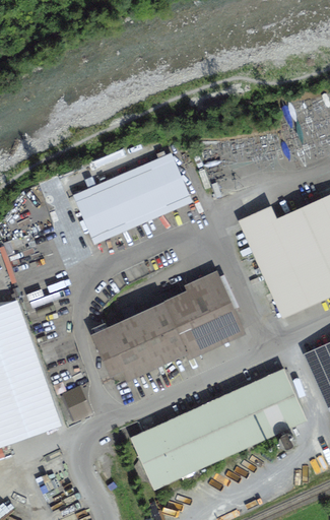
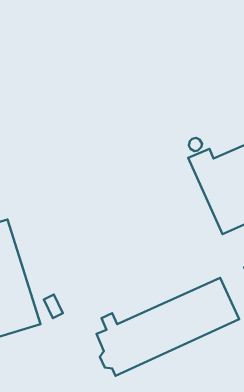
building: [75,155,189,242] -> none
building: [89,274,239,383] -> none

